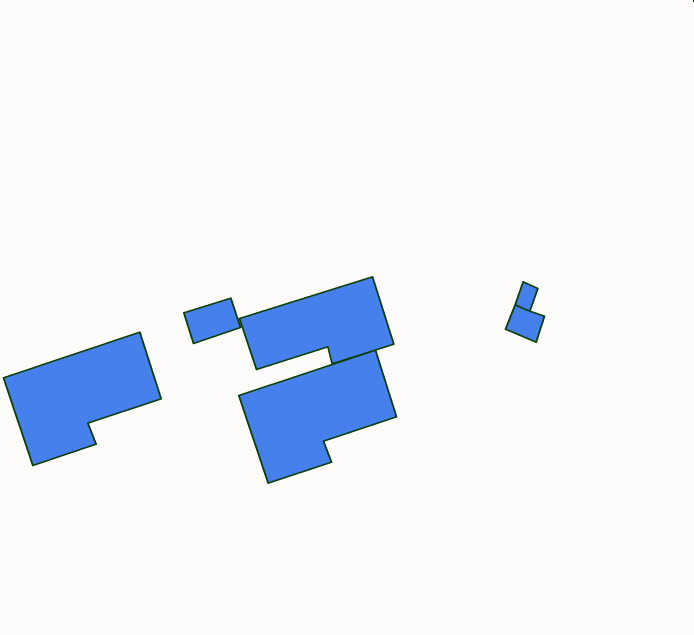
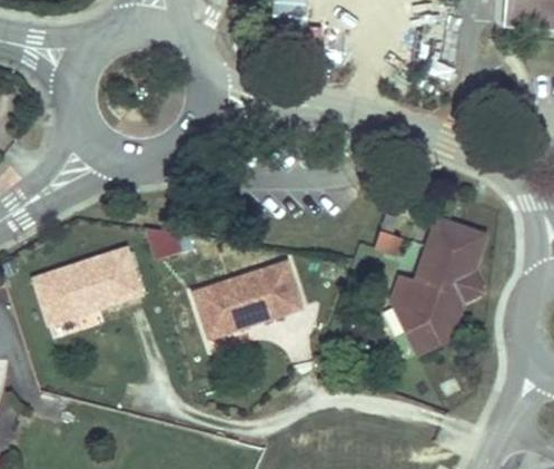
building: [240,277,394,369] -> none
building: none -> [390,218,486,352]

